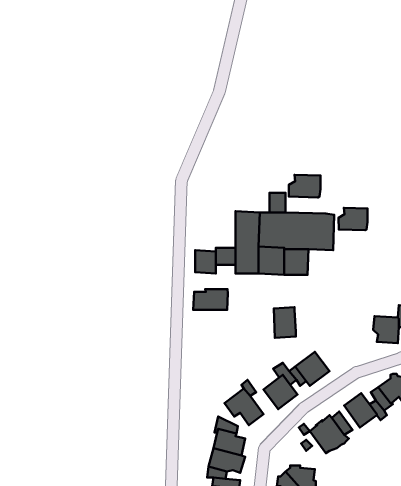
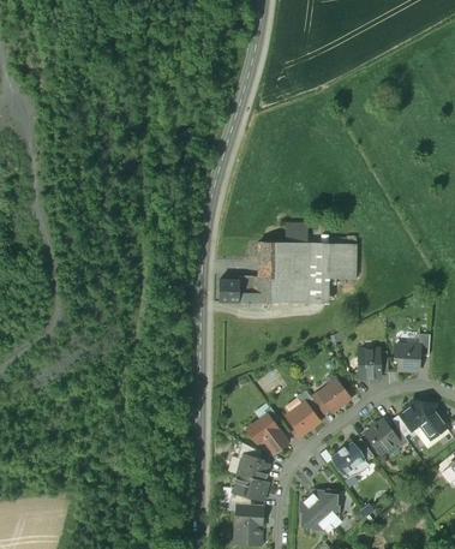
building: [289,175,320,198] -> none
building: [339,208,368,230] -> none
building: [193,289,228,310] -> none
building: [274,307,296,338] -> [358,350,379,380]

